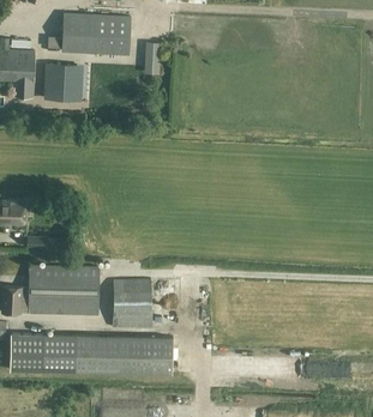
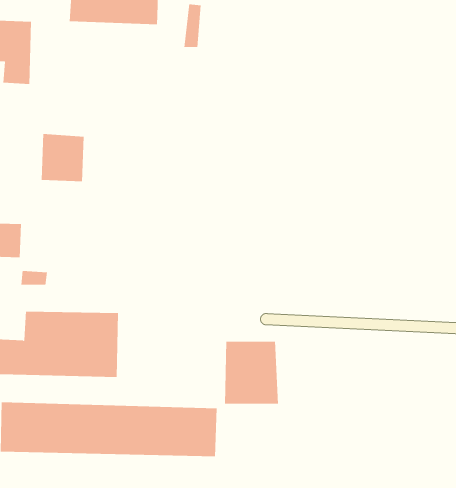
building: [44,64,77,99] -> [41,133,84,182]
building: [112,280,152,327] -> [224,341,279,404]

